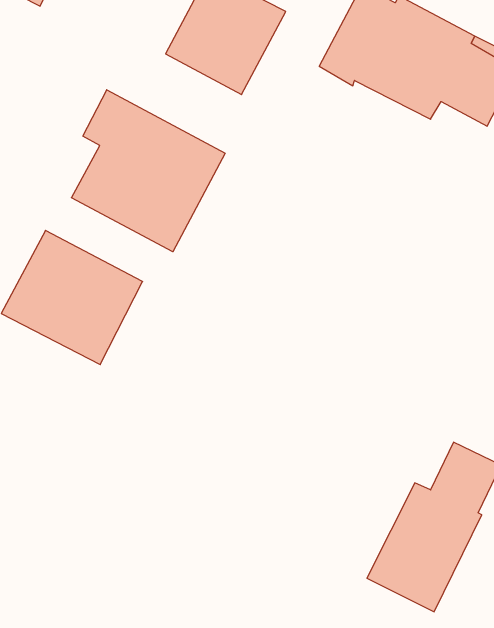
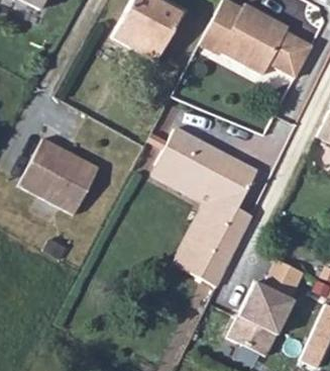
building: [71,90,225,252] -> none
building: none -> [151,129,254,286]

